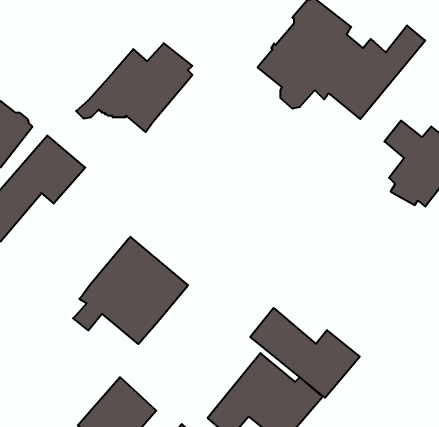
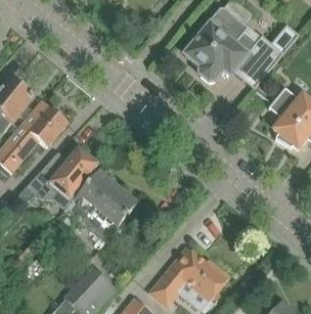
building: [76,43,192,132] -> [19,148,98,209]
building: [250,308,360,398] -> none

